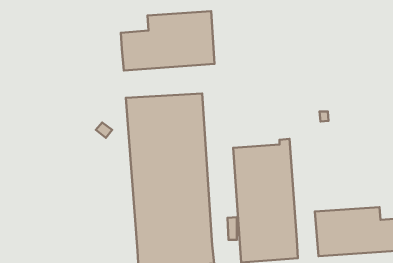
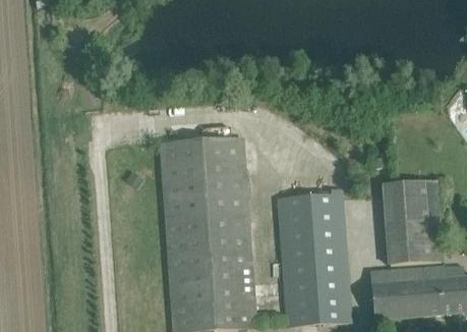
building: [121,11,215,70] -> none
building: none -> [384,179,443,264]

